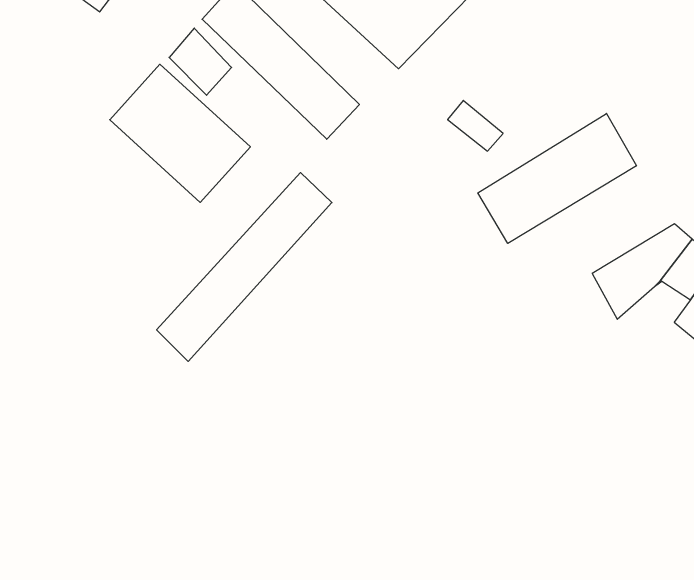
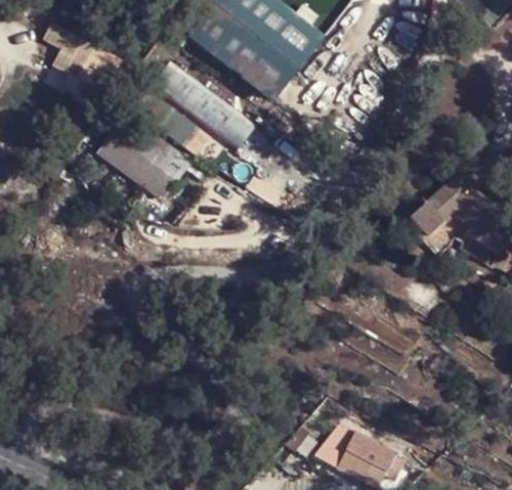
building: [478,113,636,243] -> none
building: [157,173,332,361] -> none

